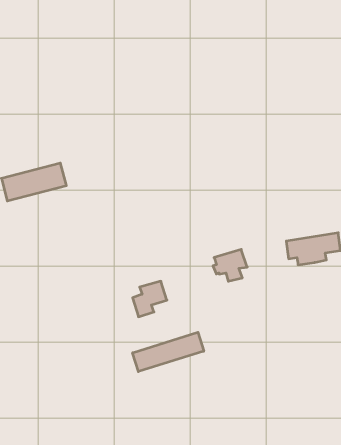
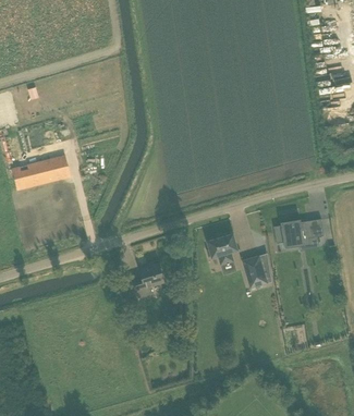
building: none -> [243,256,266,287]
building: [133,332,204,372] -> none

